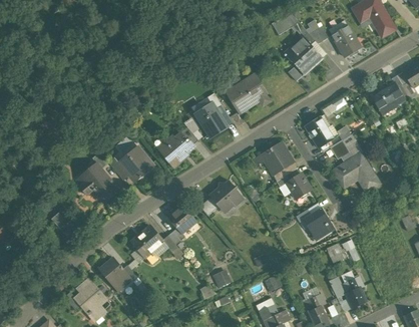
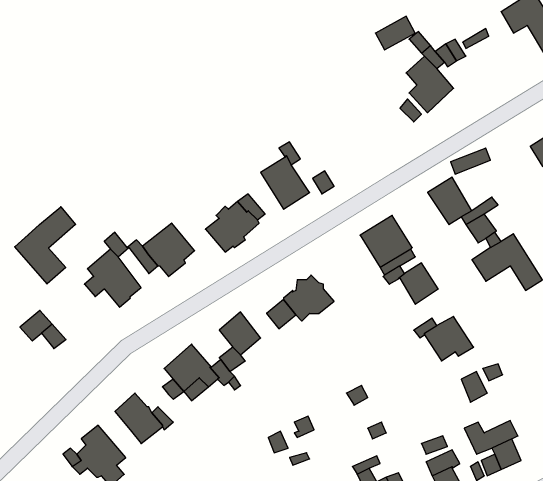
building: [332,25,361,57] -> none
building: [229,74,271,111] -> none
building: none -> [15,207,76,284]

